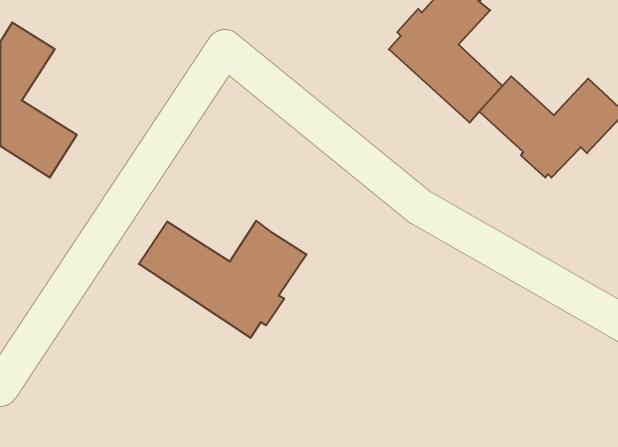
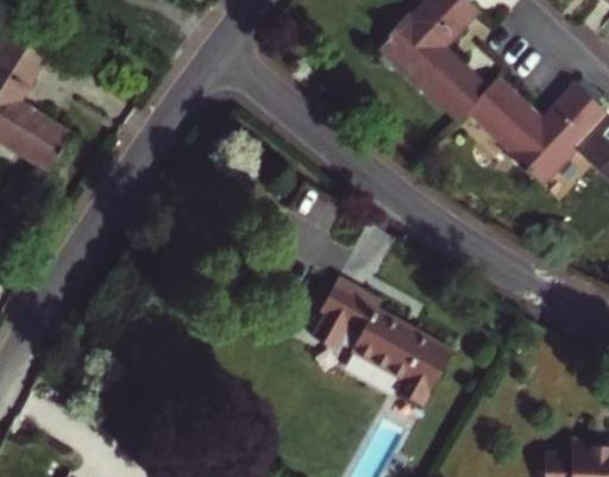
building: [139,221,307,338] -> none
building: none -> [312,276,453,407]

